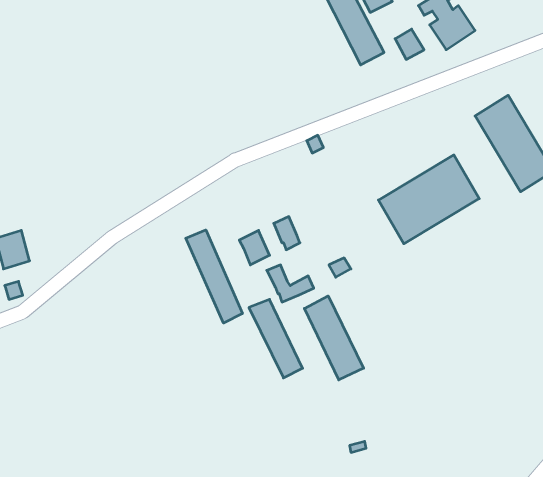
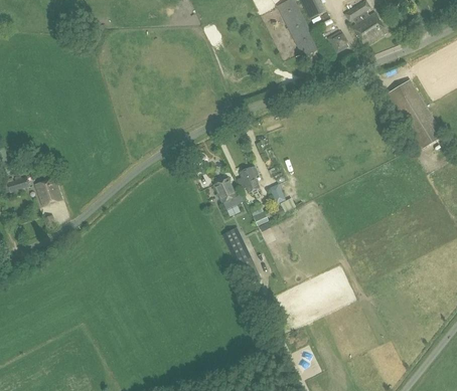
building: [378,155,479,244] -> none
building: [186,230,242,323] -> none
building: [304,296,364,380] -> none

